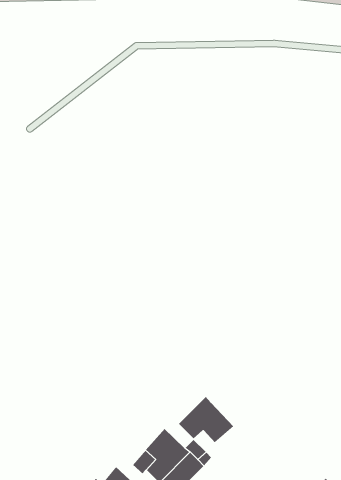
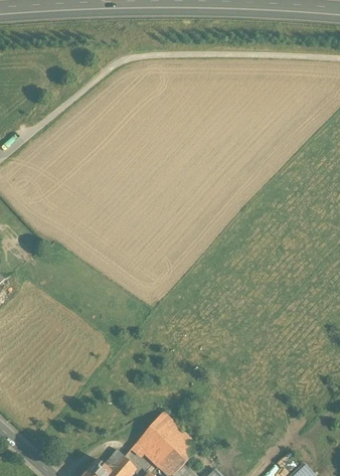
building: [178,396,234,443] -> none

